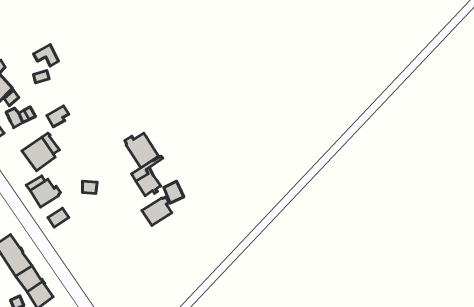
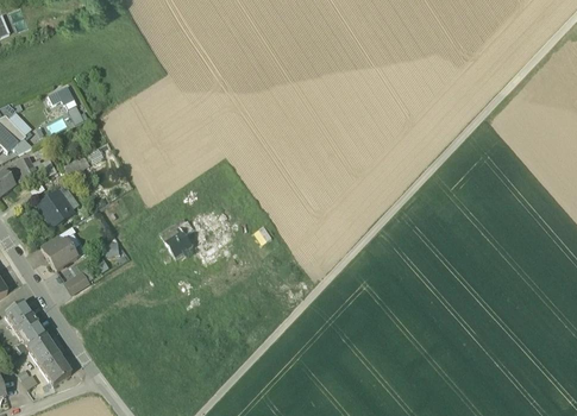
building: [125,133,159,168] -> none
building: [142,197,172,226] -> none

